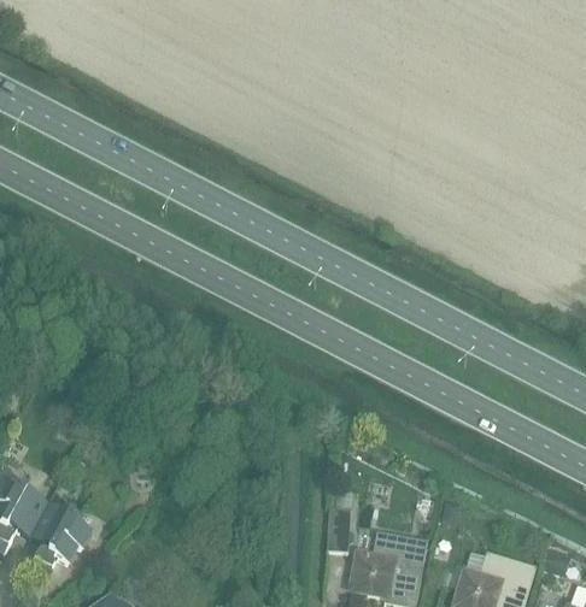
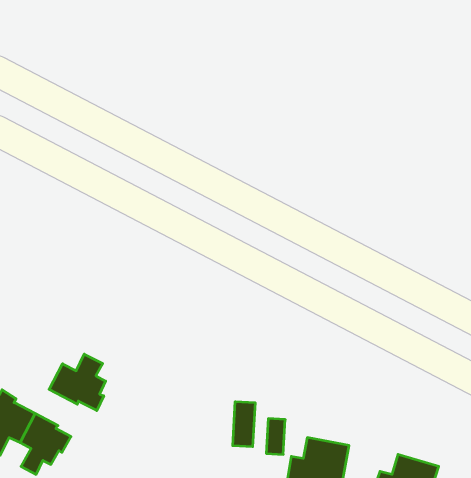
building: none -> [49,354,106,411]
building: none -> [233,402,255,447]

